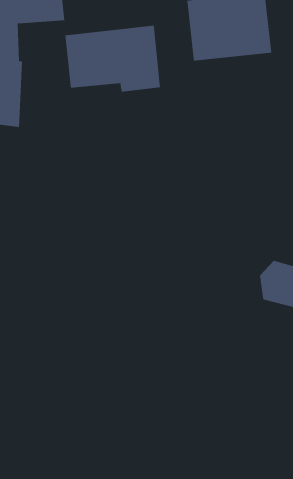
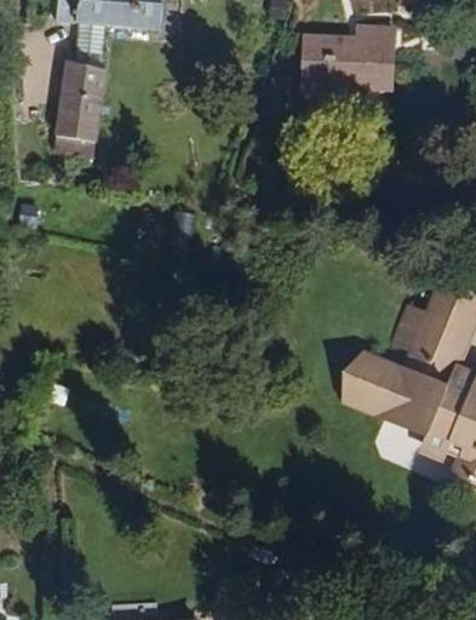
building: [65,25,161,93] -> none

